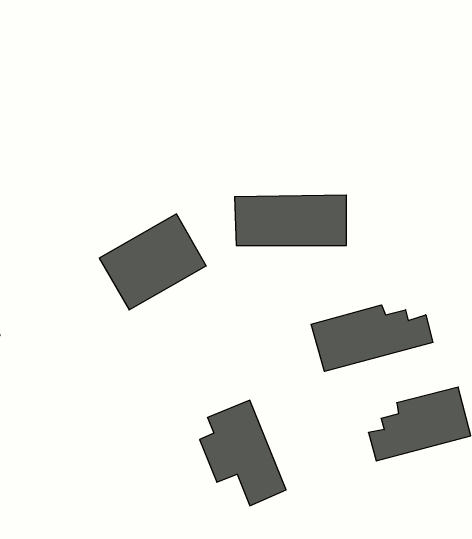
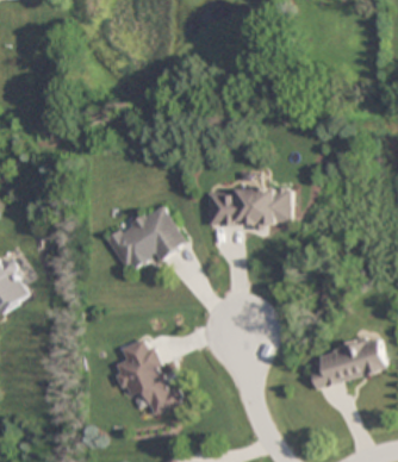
building: [311,305,433,371] -> none
building: [200,400,286,506] -> [113,336,179,416]

